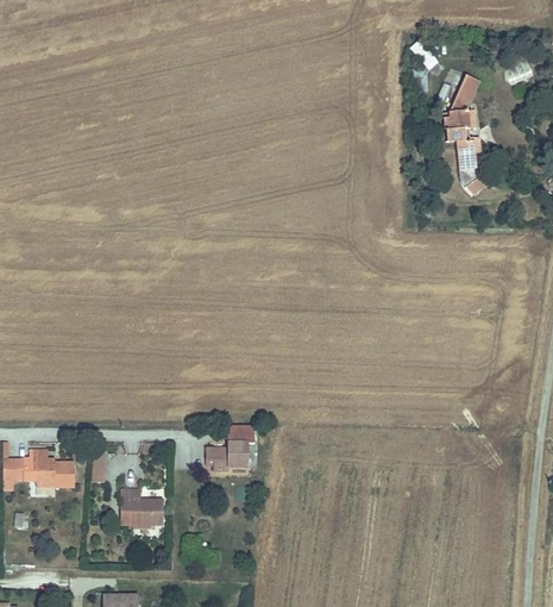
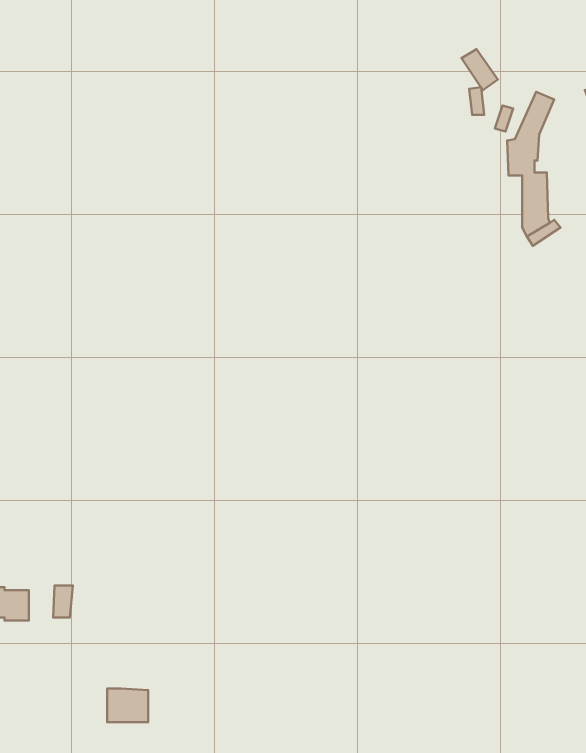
building: [205,442,246,469] -> none
building: [128,499,161,525] -> [107,689,148,722]

